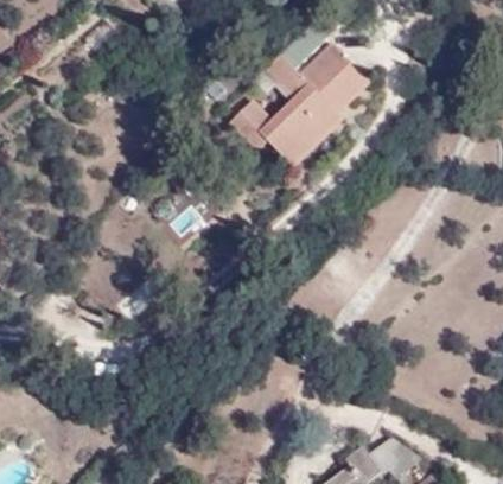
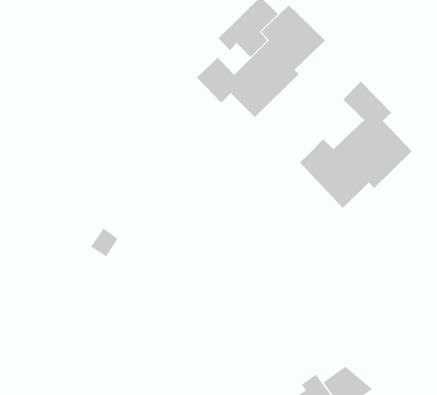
building: none -> [299,81,413,209]

